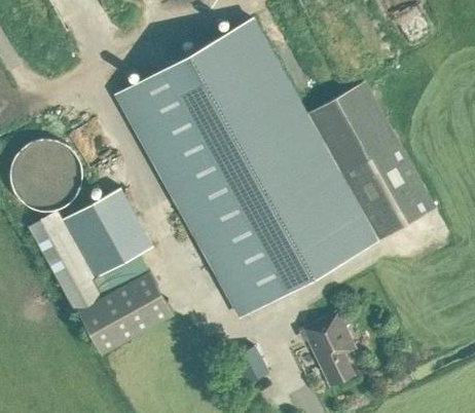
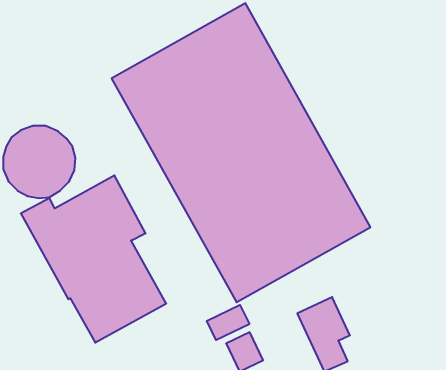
building: [306,83,436,241] -> none
building: none -> [207,305,249,340]

